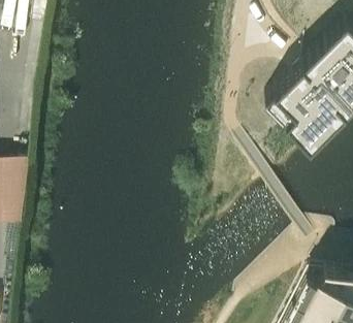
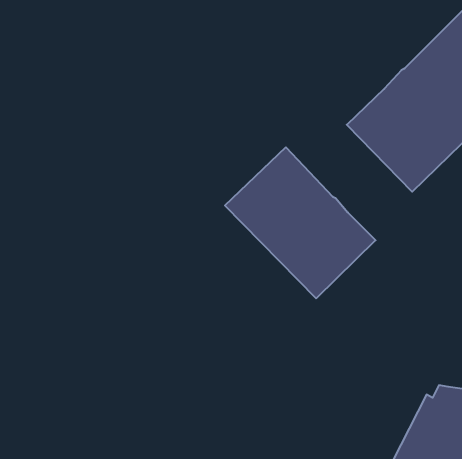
building: none -> [225,147,376,298]

